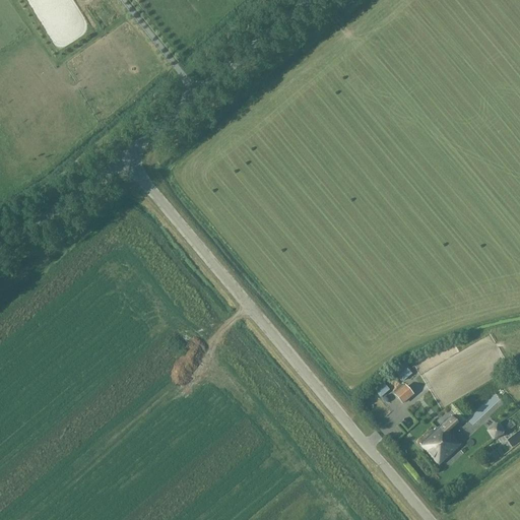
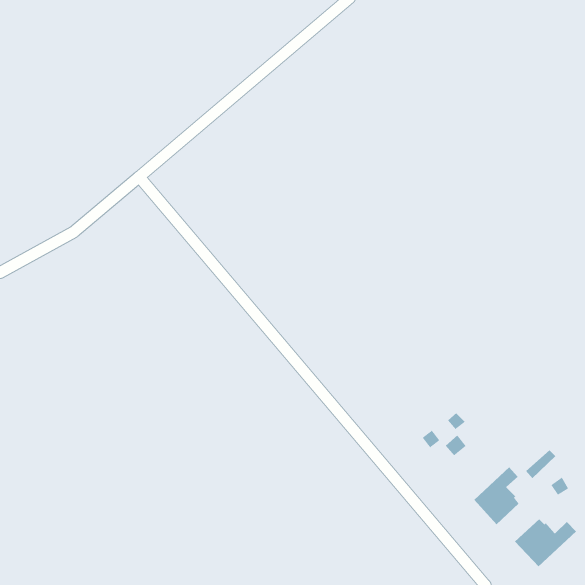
building: none -> [514,519,577,567]

